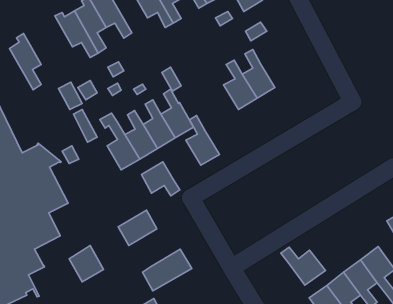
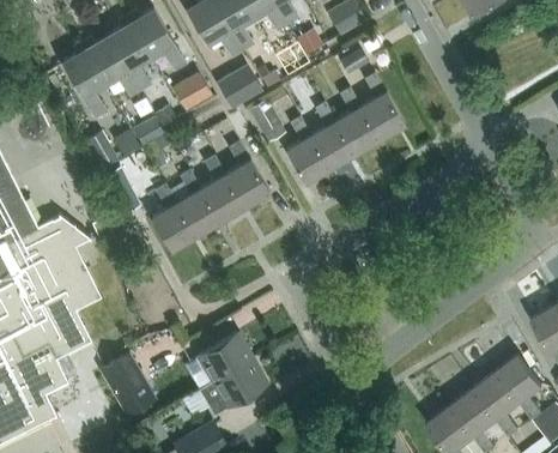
building: [9,33,41,90] -> [62,42,105,119]
building: none -> [217,72,262,108]
building: none -> [360,73,405,139]
building: none -> [174,77,212,111]
building: none -> [248,98,284,143]
building: [186,116,219,165] -> [285,116,330,183]
building: [141,162,180,196] -> none
building: [118,210,157,246] -> [199,333,251,381]
building: [281,247,325,285] -> none

